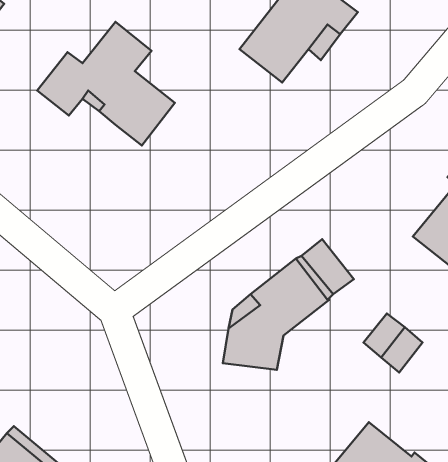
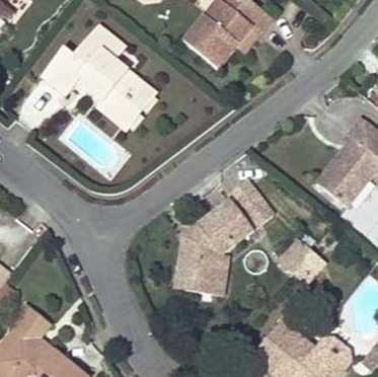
building: none -> [92,83,152,130]
building: none -> [174,254,230,296]

